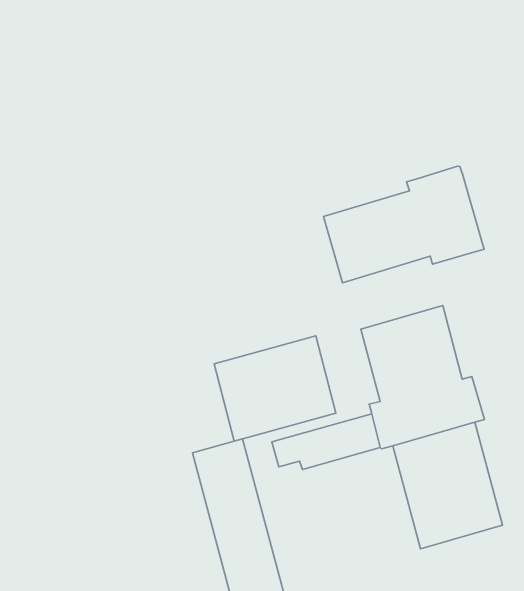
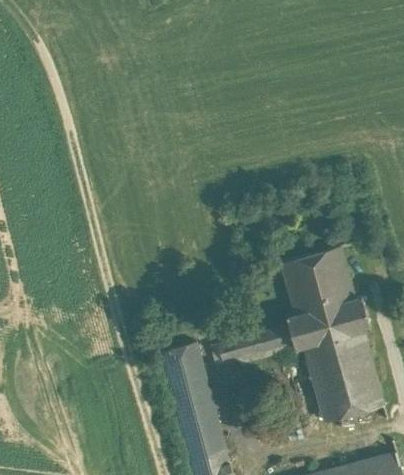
building: [324,166,484,283] -> none
building: [214,336,336,441] -> none

